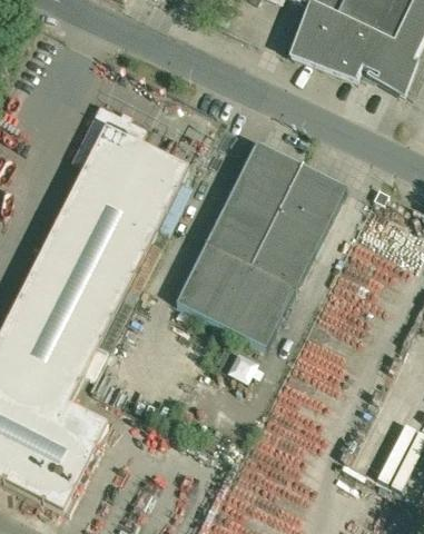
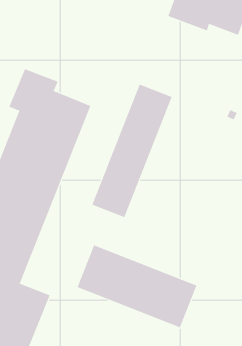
building: [220,162,346,346] -> none
building: none -> [77,244,197,328]

